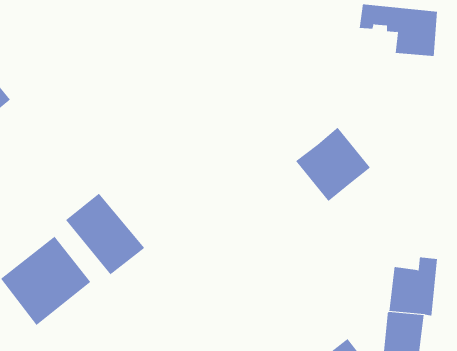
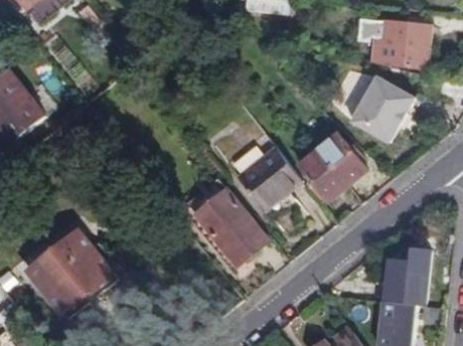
building: none -> [351,75,413,141]
building: none -> [237,146,300,209]
building: [65,193,145,275] -> [194,190,268,266]

